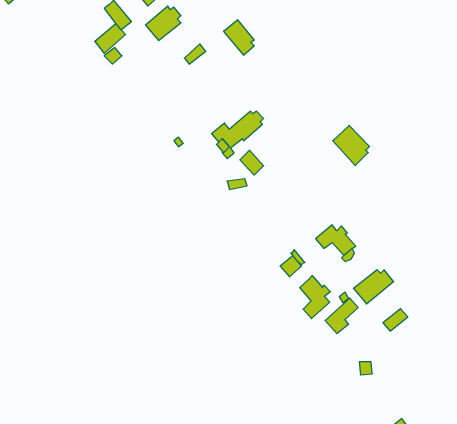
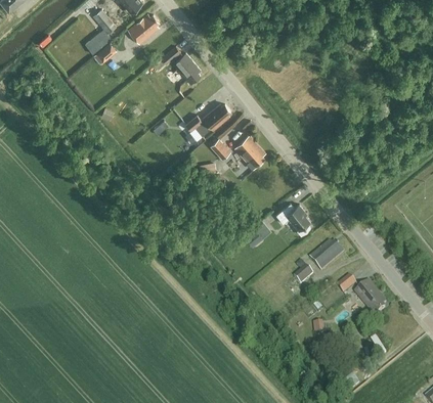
building: [224,20,254,55] -> [174,52,201,83]
building: [333,125,369,166] -> [234,134,266,169]
building: [300,276,330,319] -> none
building: none -> [354,280,386,313]

